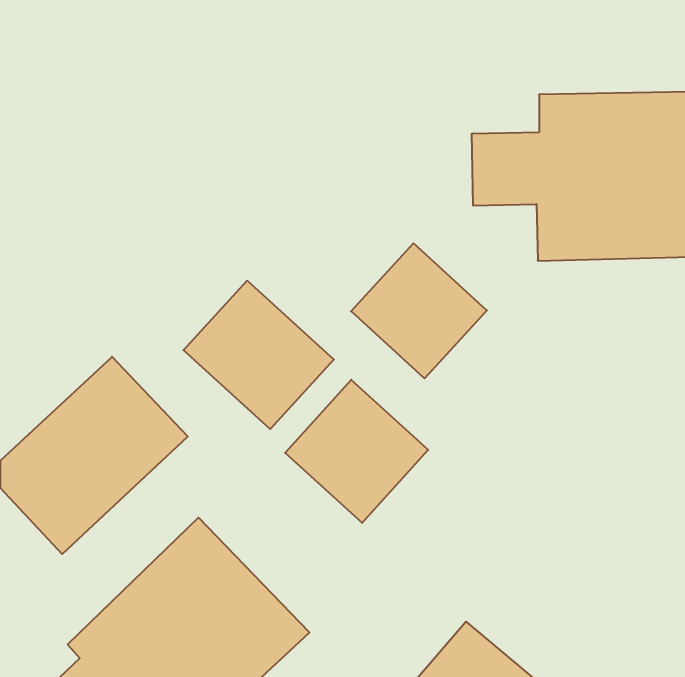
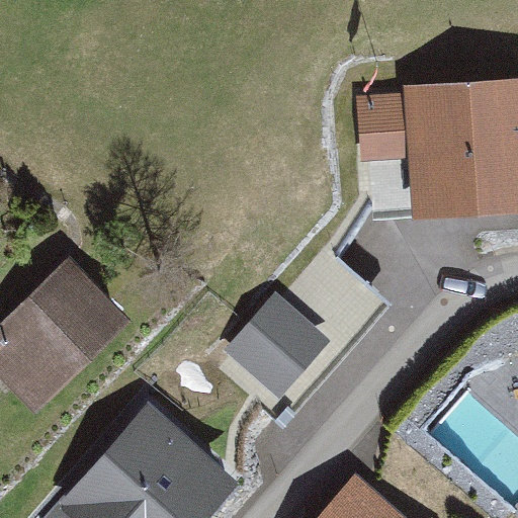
building: [351,243,487,378] -> none
building: [183,281,334,429] -> none

